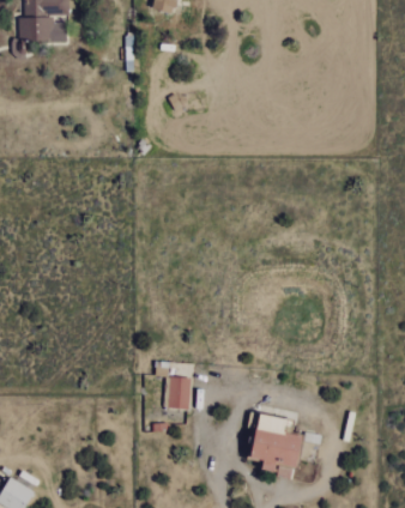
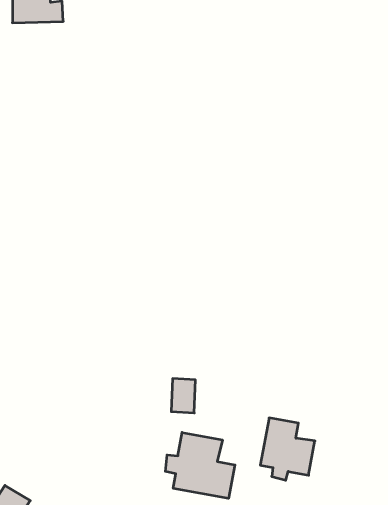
building: none -> [165,432,235,498]

